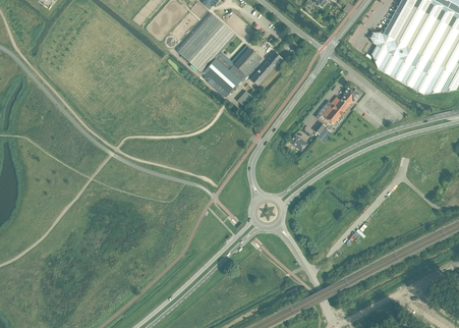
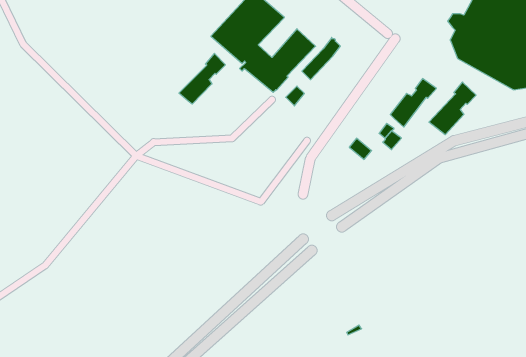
building: none -> [179,53,225,104]
building: none -> [429,82,476,135]

